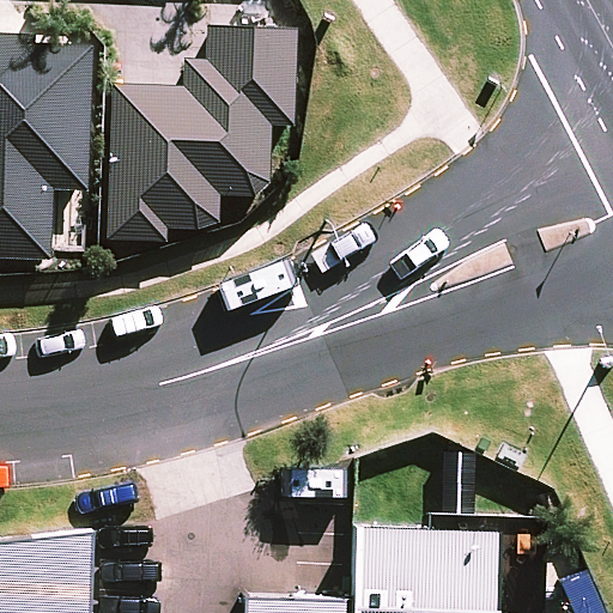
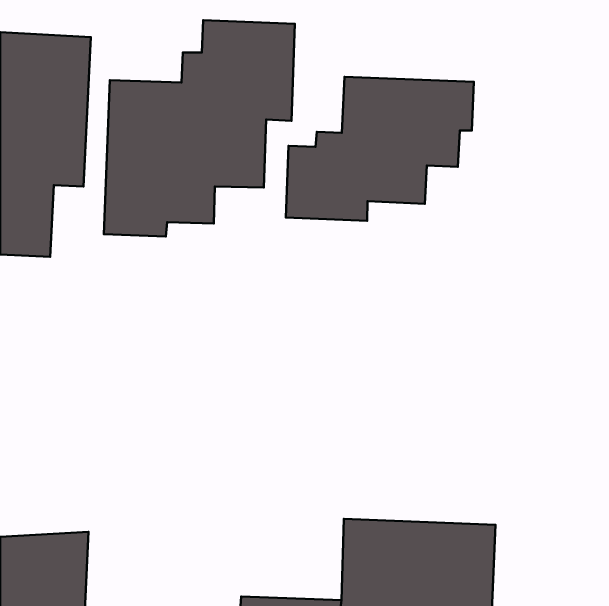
building: none -> [286,77,474,221]

